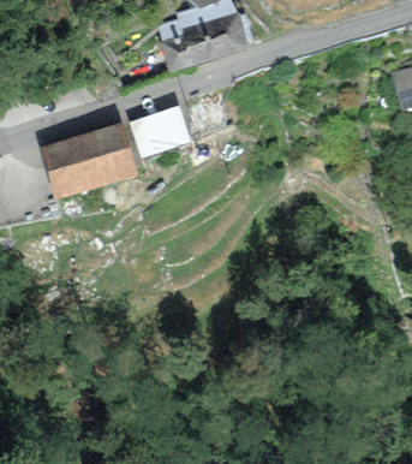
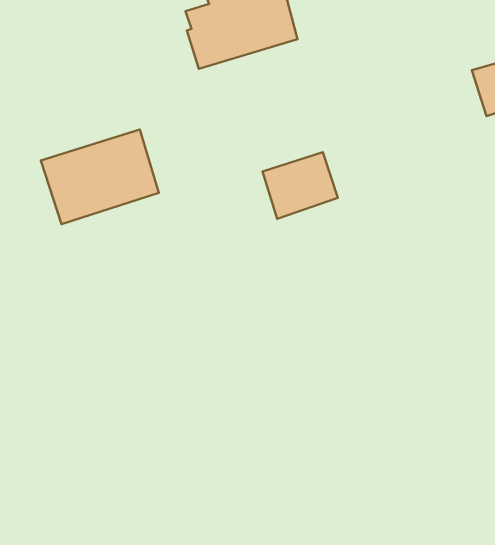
building: [129,105,190,159] -> [262,152,338,219]

